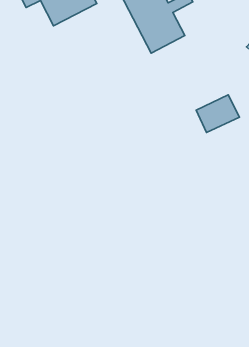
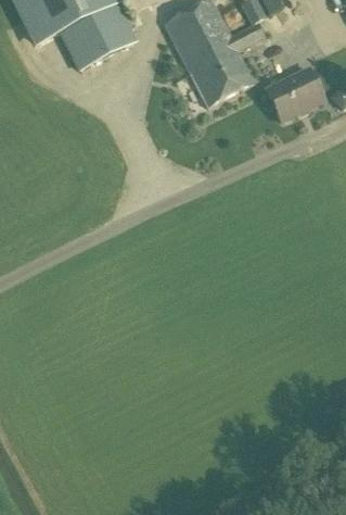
building: [196,95,239,132] -> [266,70,324,121]

